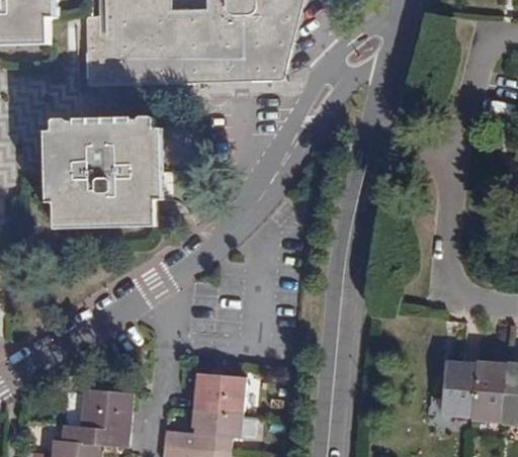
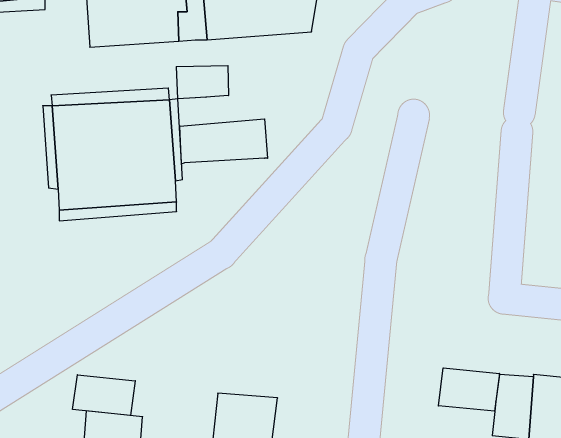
building: none -> [176,66,228,99]
building: none -> [180,119,268,164]
building: none -> [438,368,499,411]
building: none -> [73,375,135,415]

